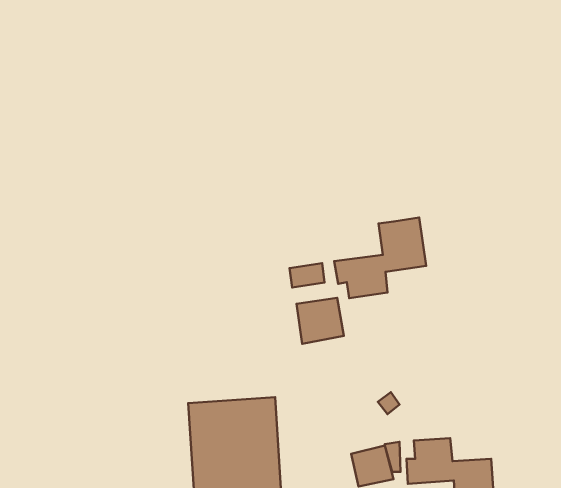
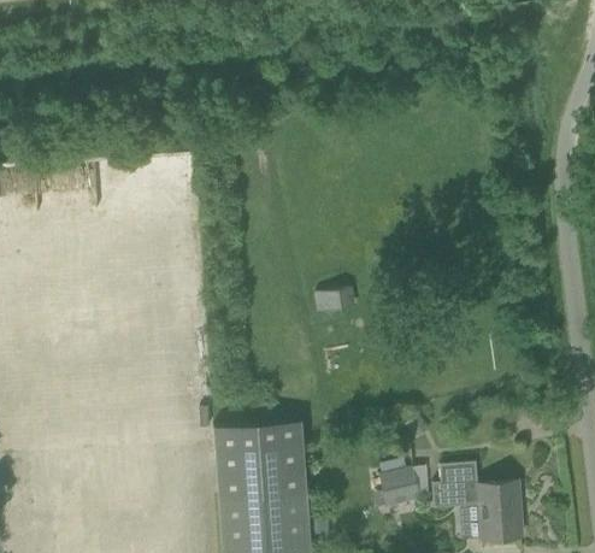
building: [334,218,426,298] -> none
building: [296,298,344,344] -> none

